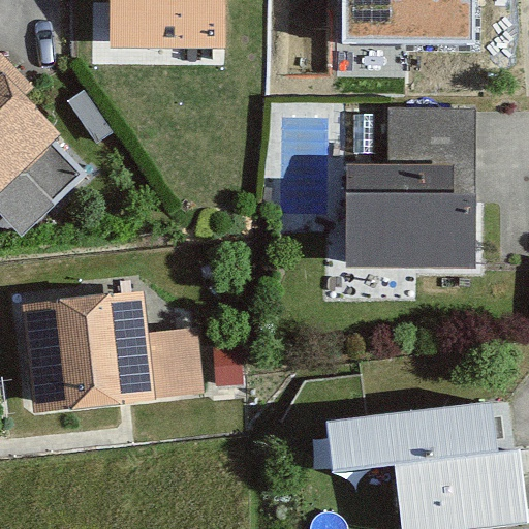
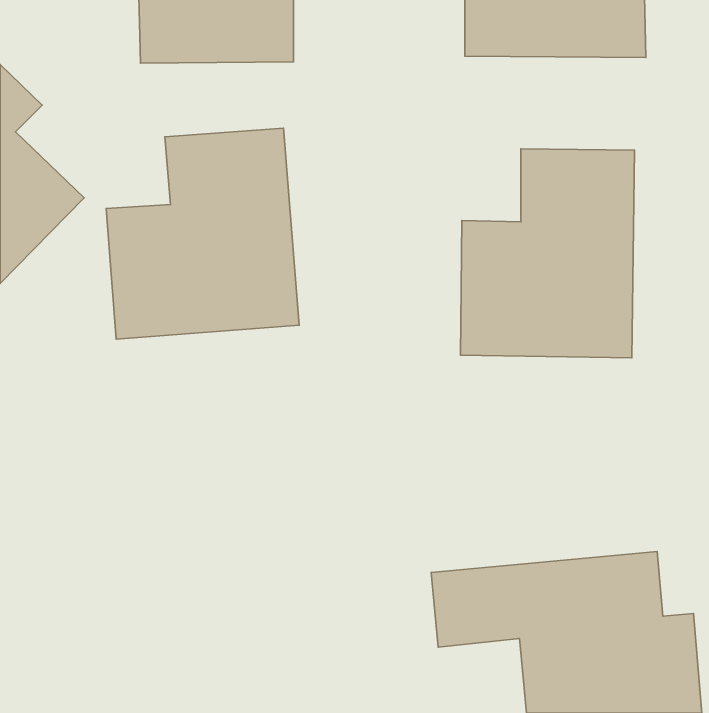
building: none -> [106,128,299,339]
building: [24,294,197,410] -> none

